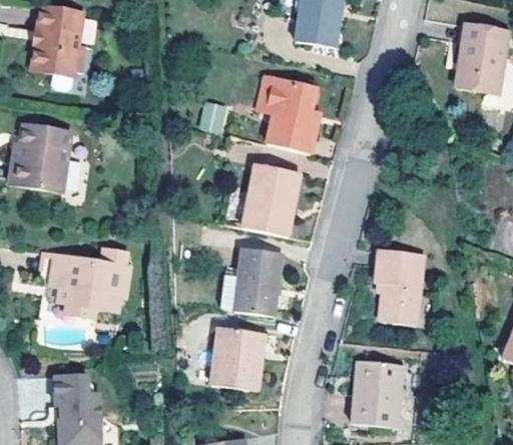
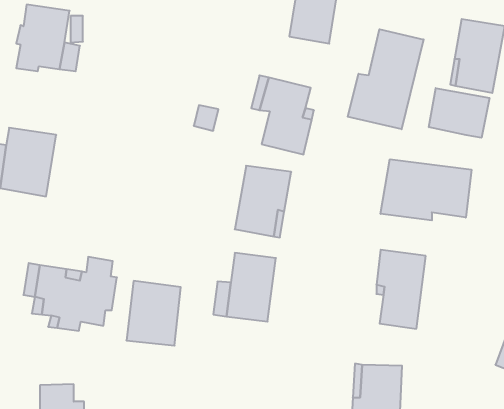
building: none -> [348,29,424,129]
building: none -> [429,88,489,138]
building: none -> [381,159,471,220]
building: [212,327,266,390] -> [126,281,181,346]

